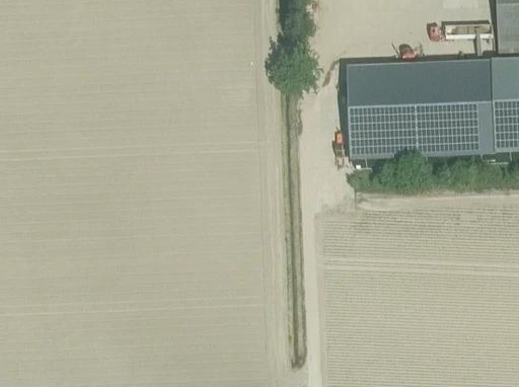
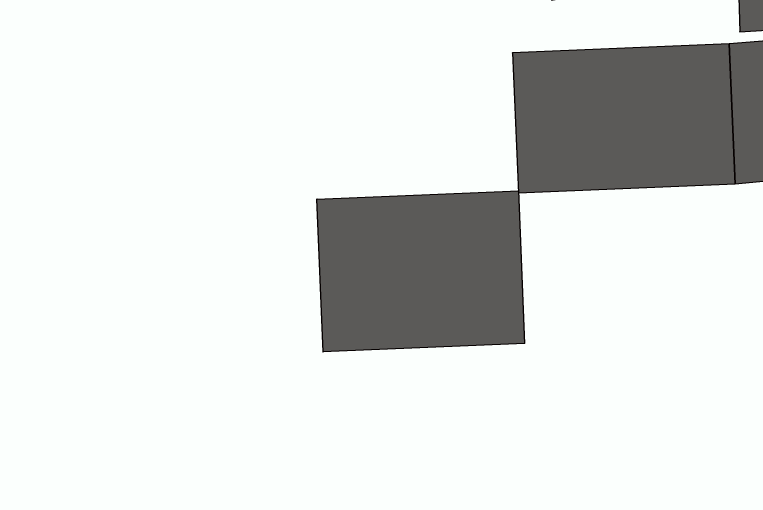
building: none -> [317,191,525,352]

